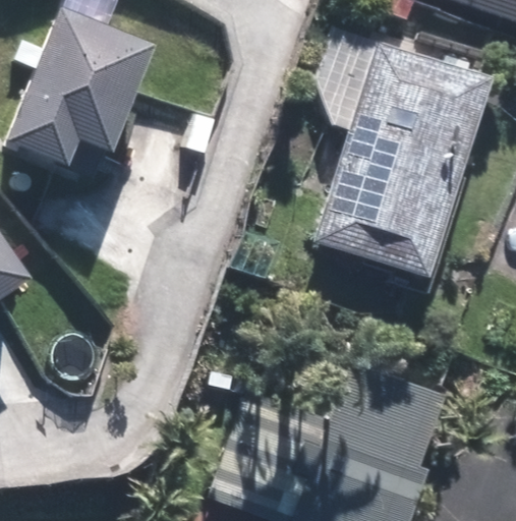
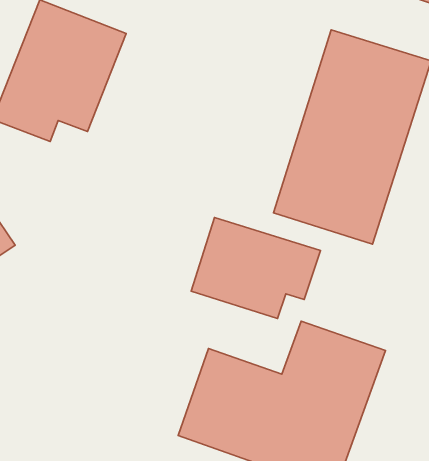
building: none -> [191,217,320,319]

